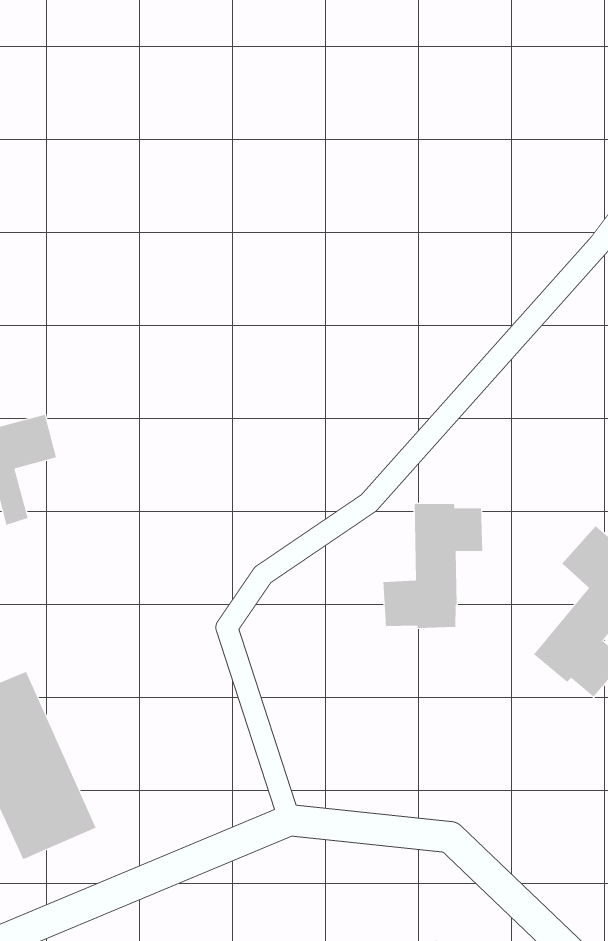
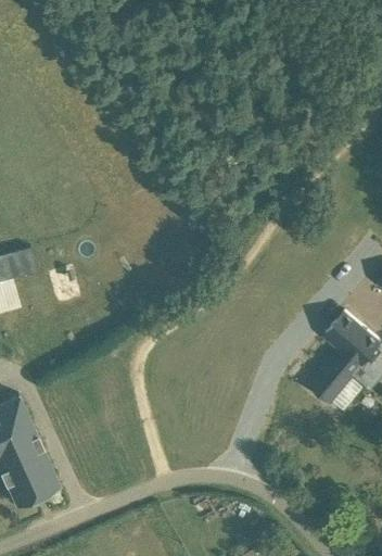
building: [383,503,483,629] -> none

